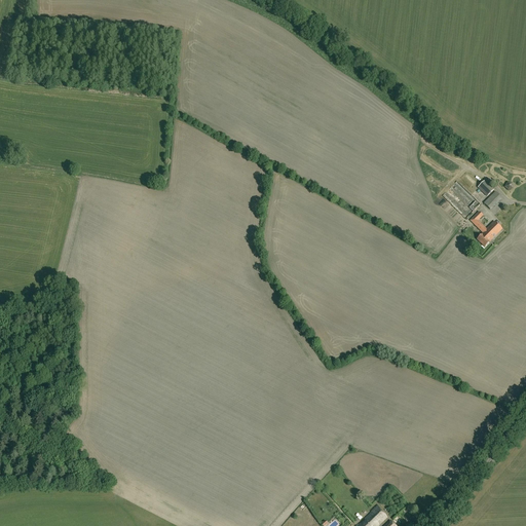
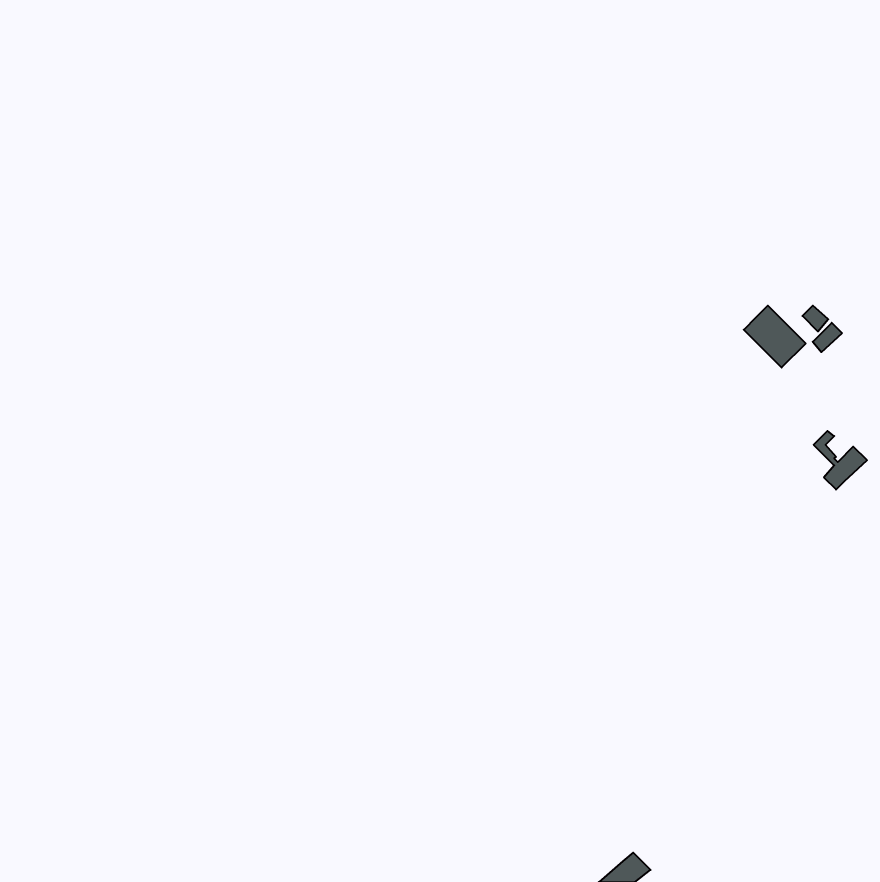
building: [472,213,503,248] -> [814,431,867,490]

